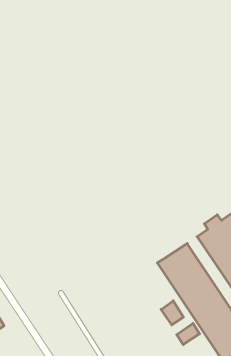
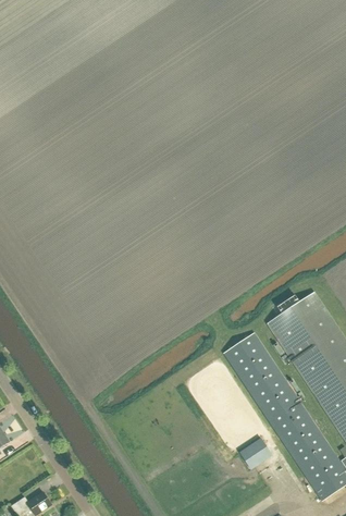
building: [161,301,183,325] -> none

